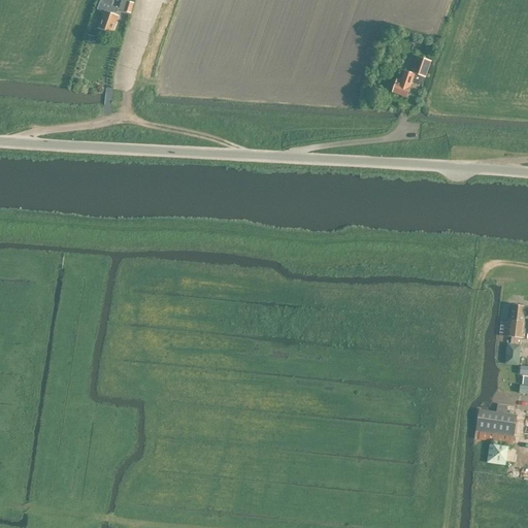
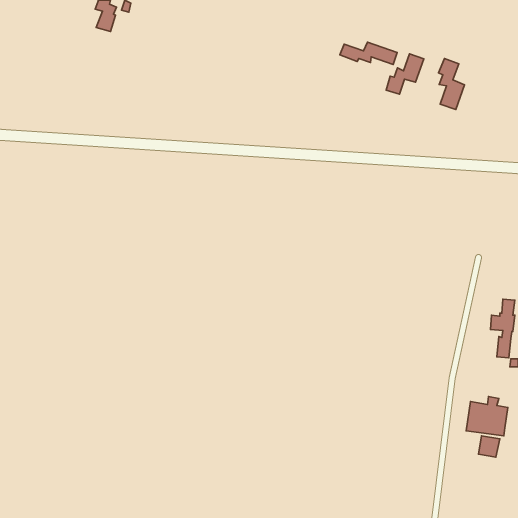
building: none -> [340,42,397,64]
building: none -> [439,59,465,110]

